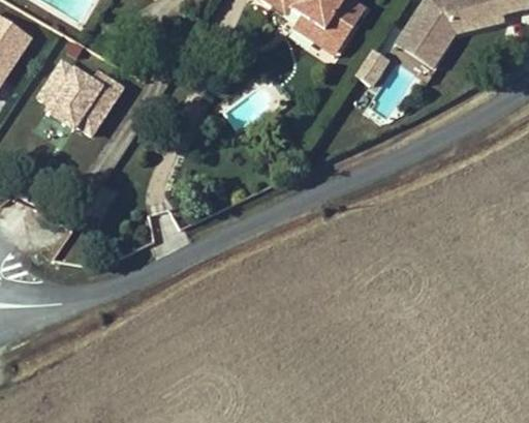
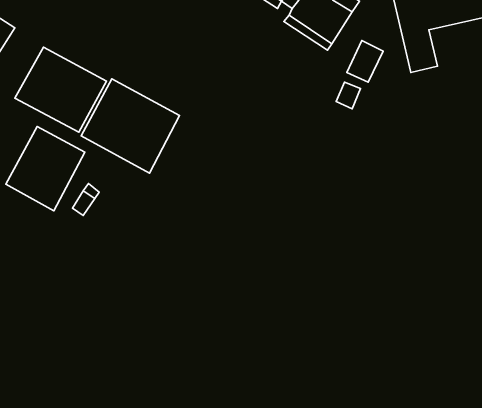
building: none -> [81,79,180,173]
building: none -> [6,126,85,211]

